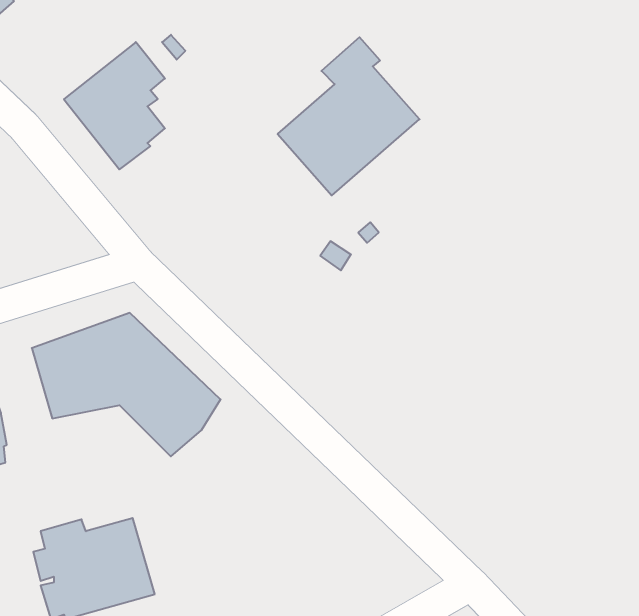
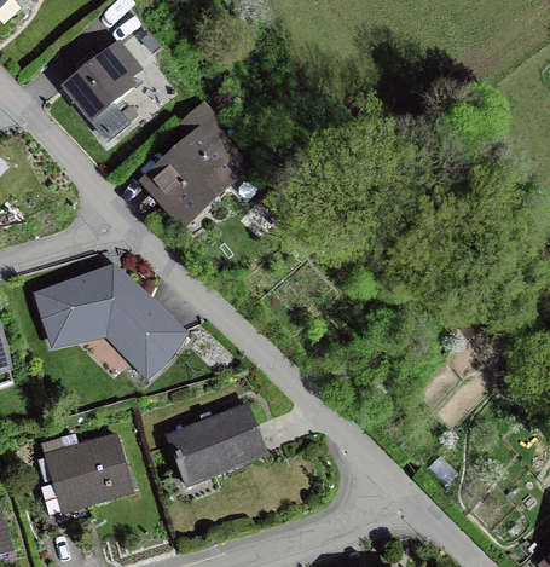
building: [278,37,420,195] -> [137,99,254,230]
building: none -> [163,401,268,491]

